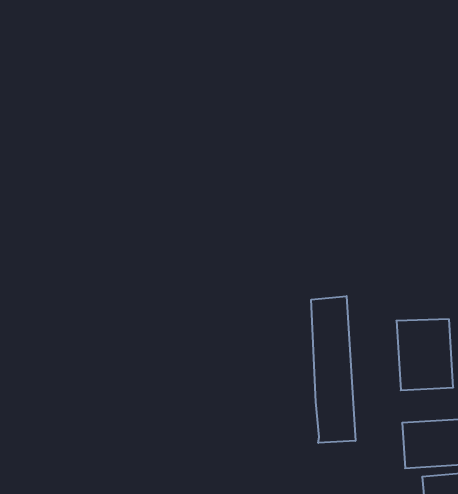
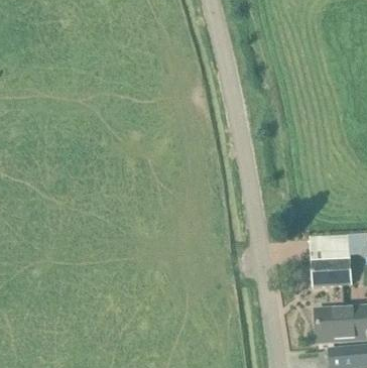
building: [311,296,355,443] -> none

